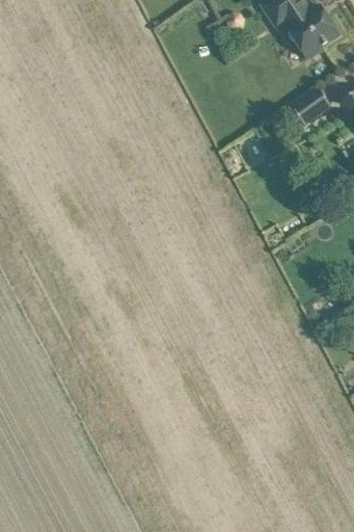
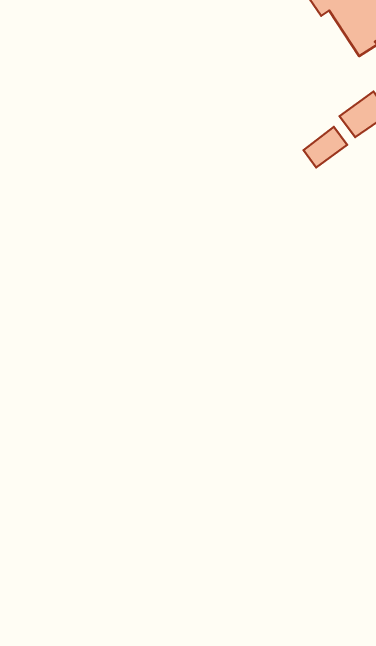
building: none -> [304,127,347,168]

